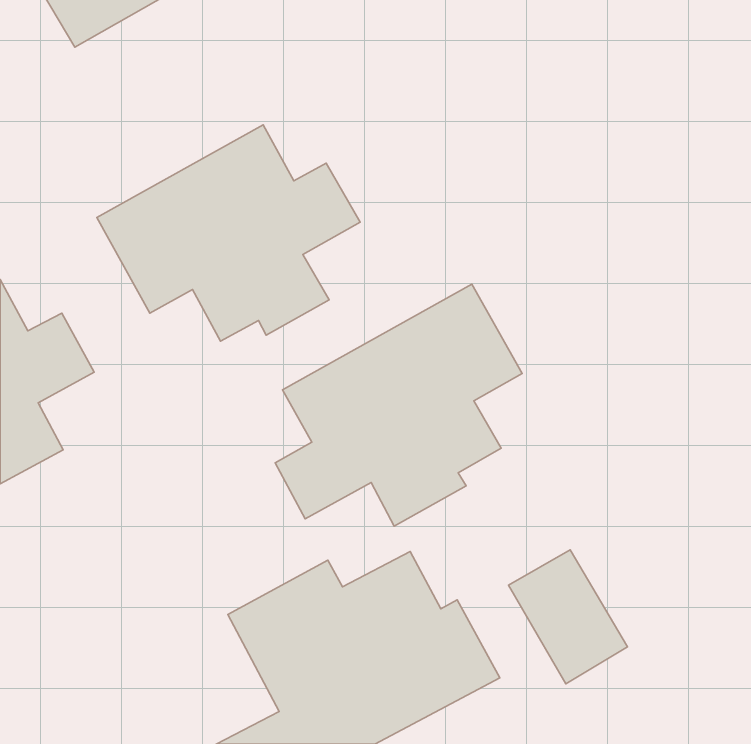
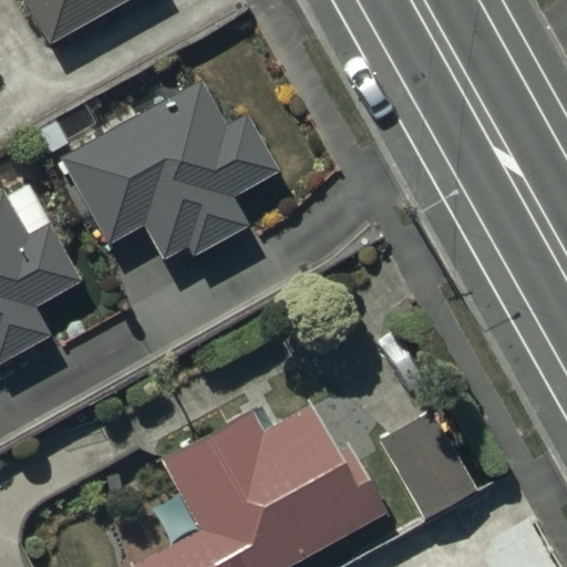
building: [275,284,522,526] -> none

